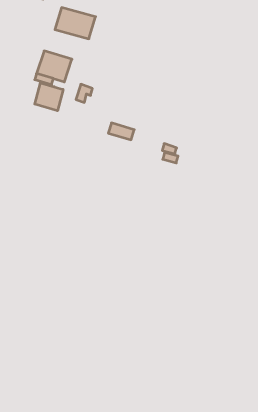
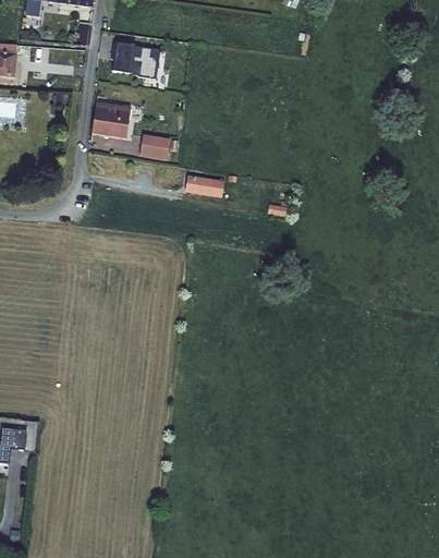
building: [35,83,63,111] -> none

